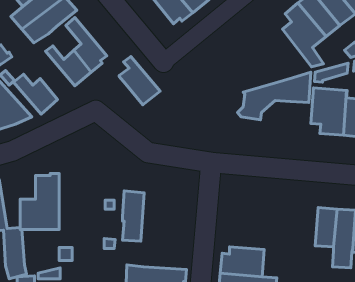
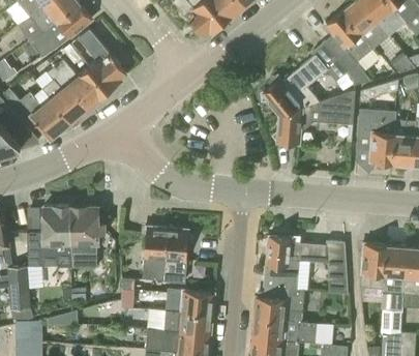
building: none -> [262,42,357,114]
building: [119,56,160,105] -> [42,67,89,122]
building: none -> [71,206,107,269]
building: none -> [163,228,191,284]
building: none -> [263,235,348,295]
building: none -> [167,289,217,315]

